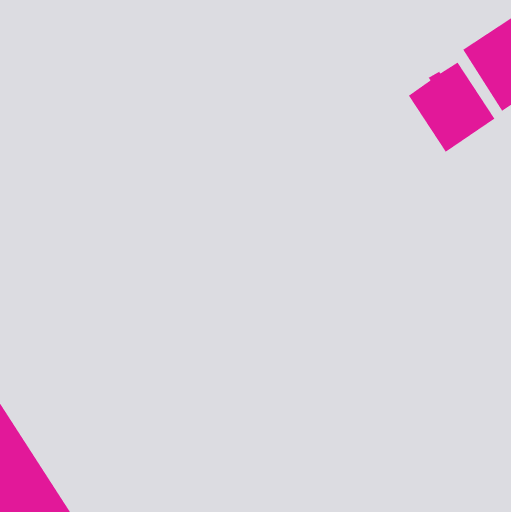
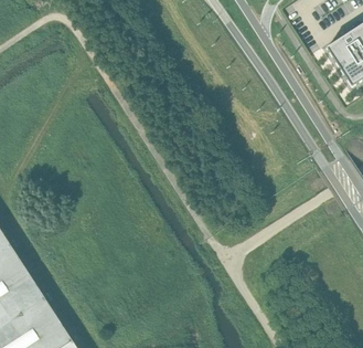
building: [408,62,495,153] -> none

